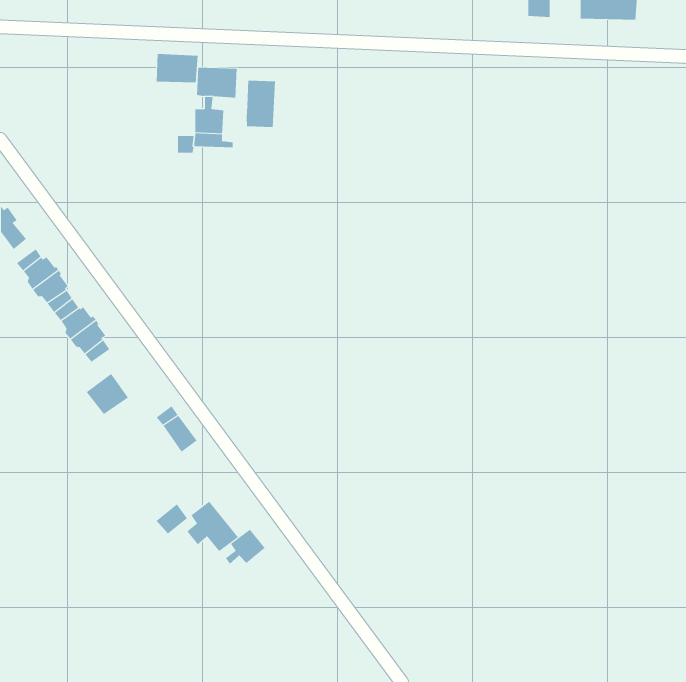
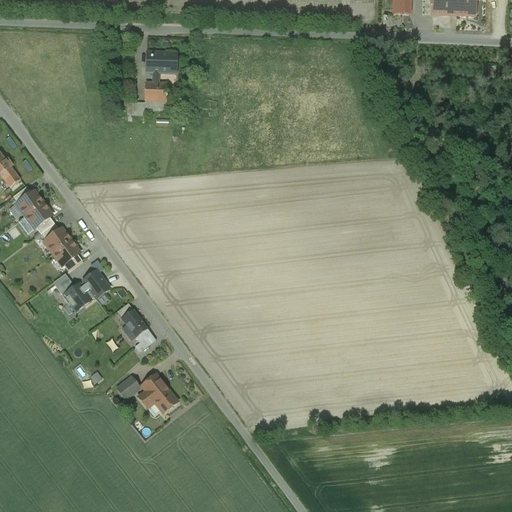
building: [156,53,198,83] -> none
building: [246,80,276,128] -> none
building: none -> [83,268,109,296]
building: [225,529,265,564] -> none

